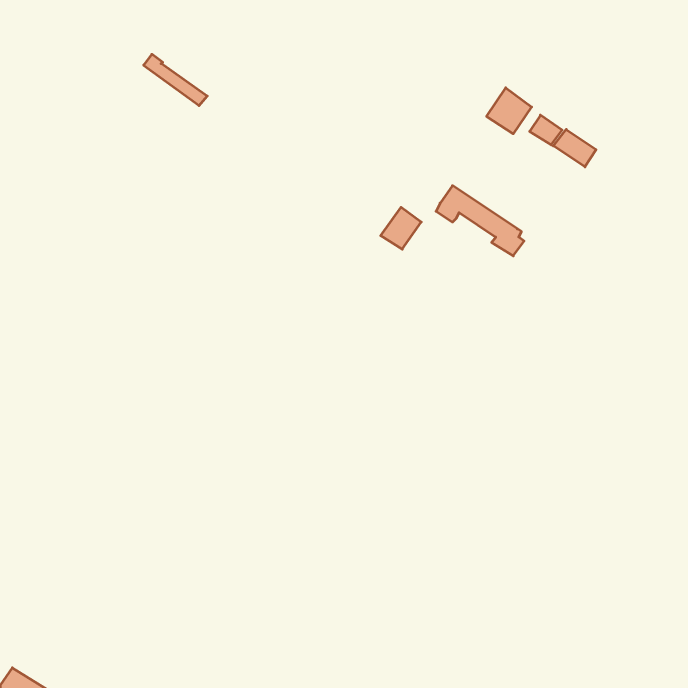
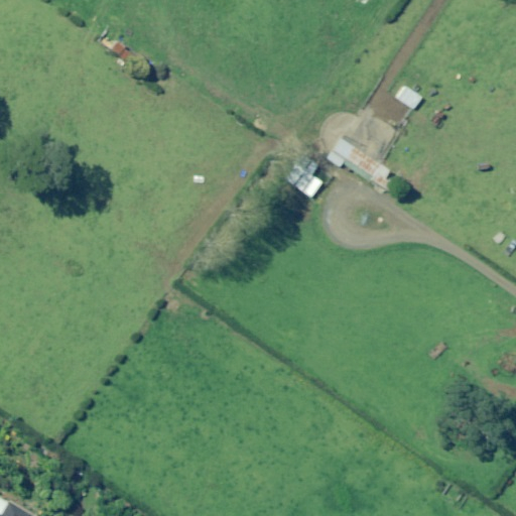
building: [487,88,532,134] -> none
building: [553,129,596,167] -> none

